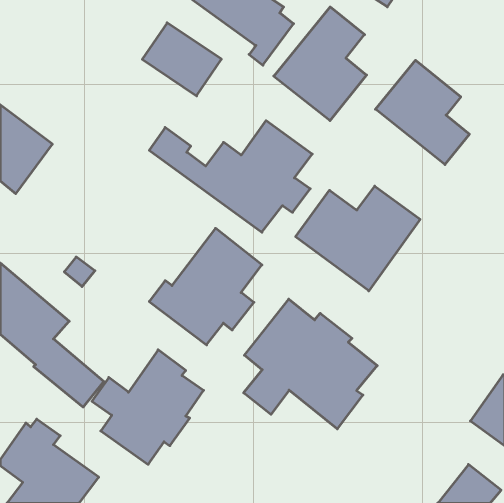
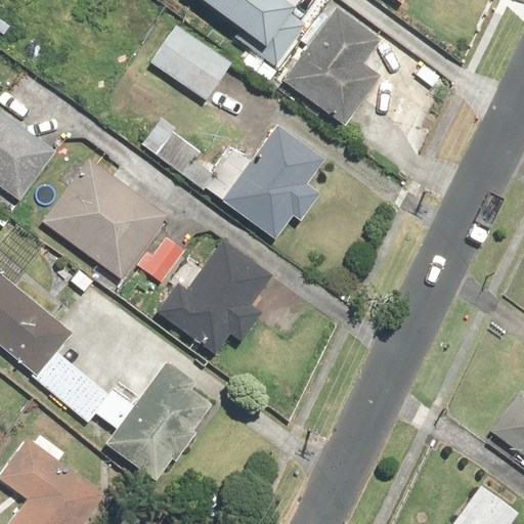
building: [375,60,469,165] -> none
building: none -> [44,157,185,282]
building: [296,186,420,291] -> none
building: [244,299,377,429] -> none

